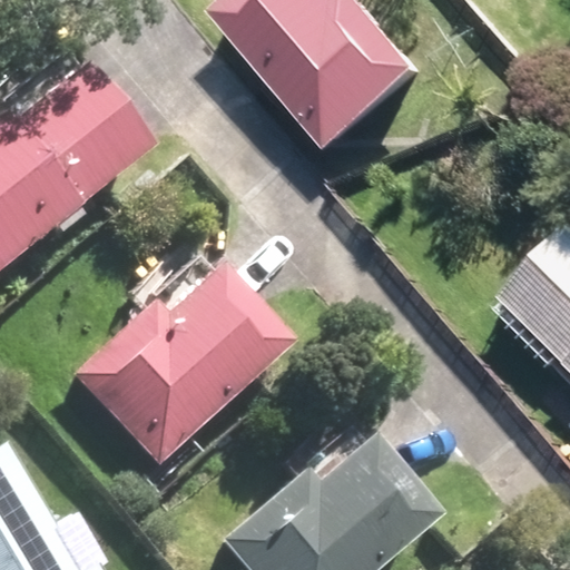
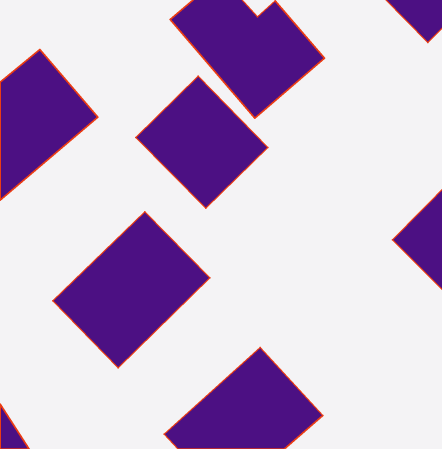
building: none -> [136,76,268,208]

